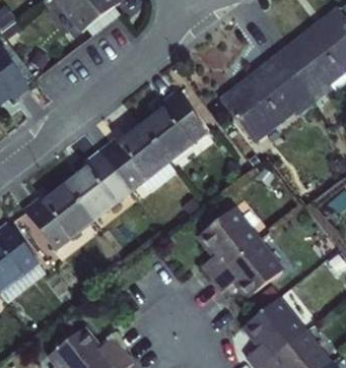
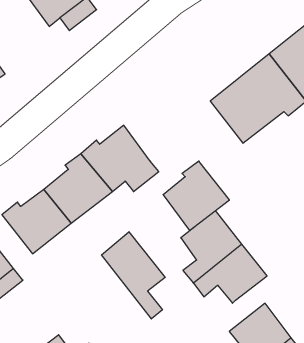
building: [143,91,207,159] -> [163,161,229,230]
building: none -> [102,232,165,319]

